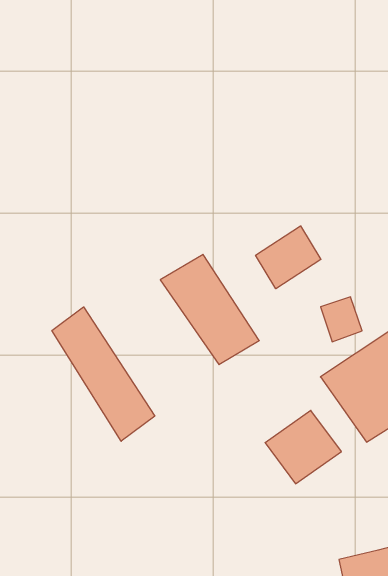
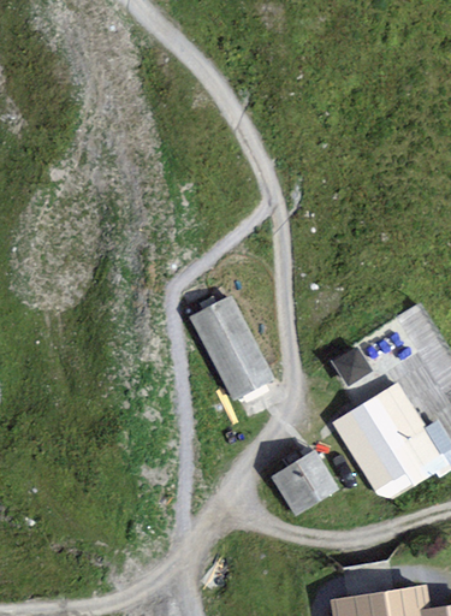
building: [256,226,321,289] -> none
building: [52,307,155,441] -> none

